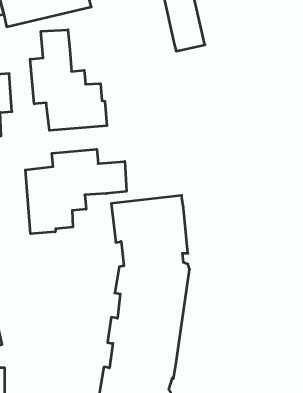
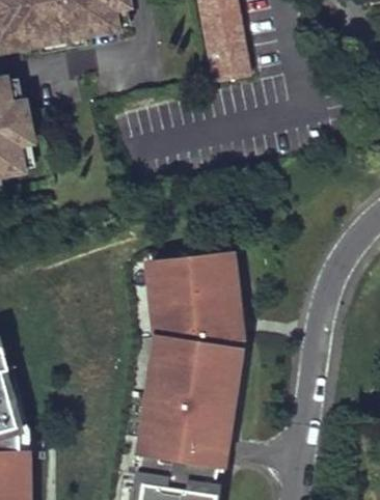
building: [30,30,107,130] -> none
building: [25,149,126,234] -> none

